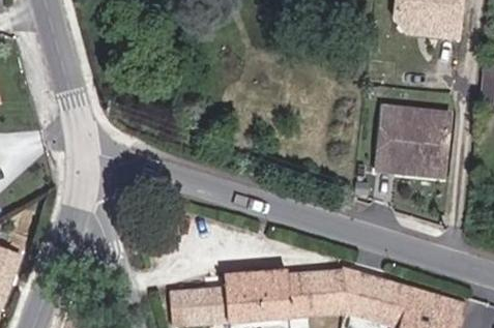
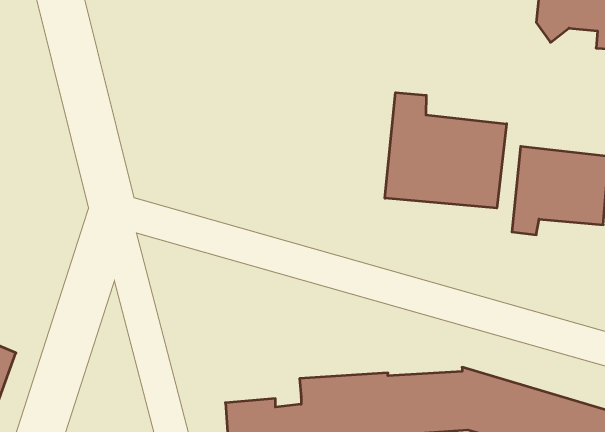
building: none -> [385,93,507,208]

